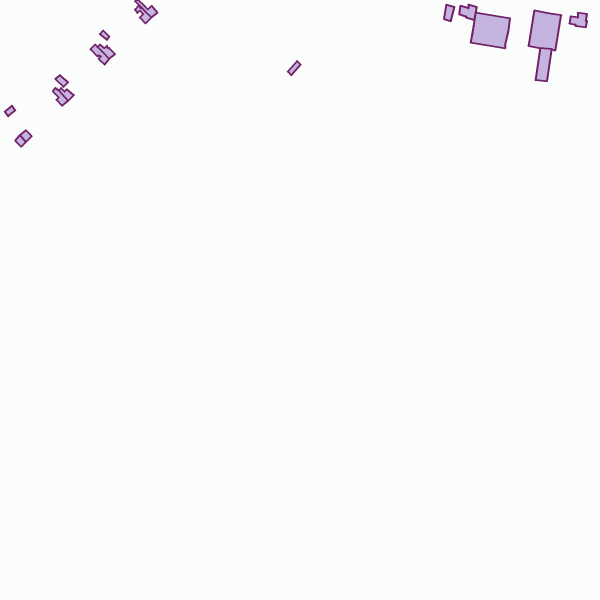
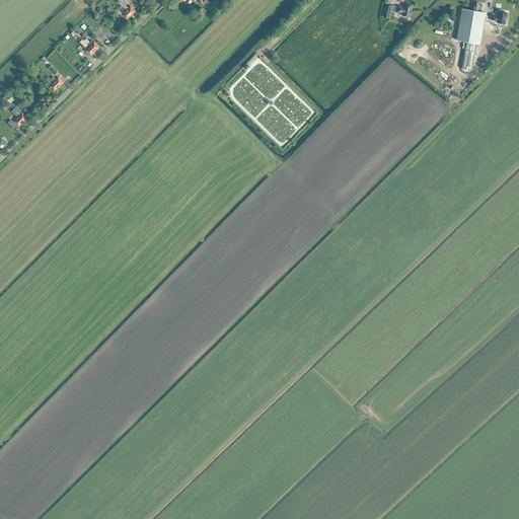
building: [471,12,510,48] -> none

